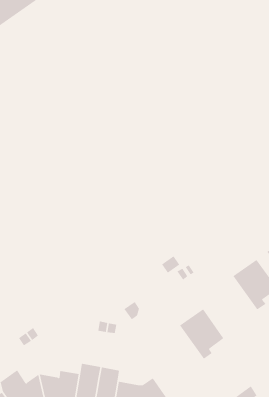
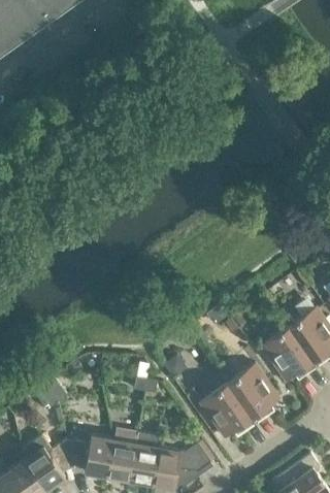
building: none -> [260,327,316,382]
building: none -> [199,384,255,437]

